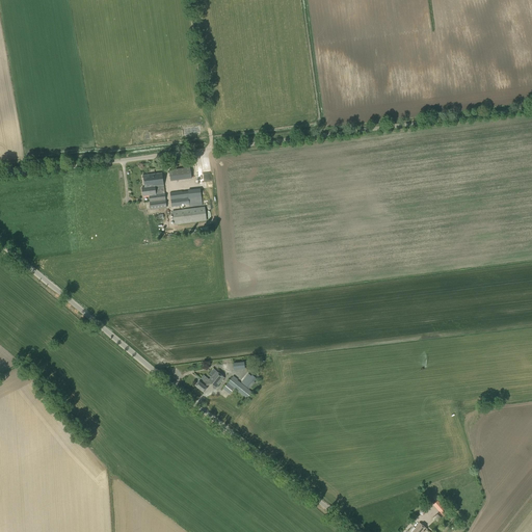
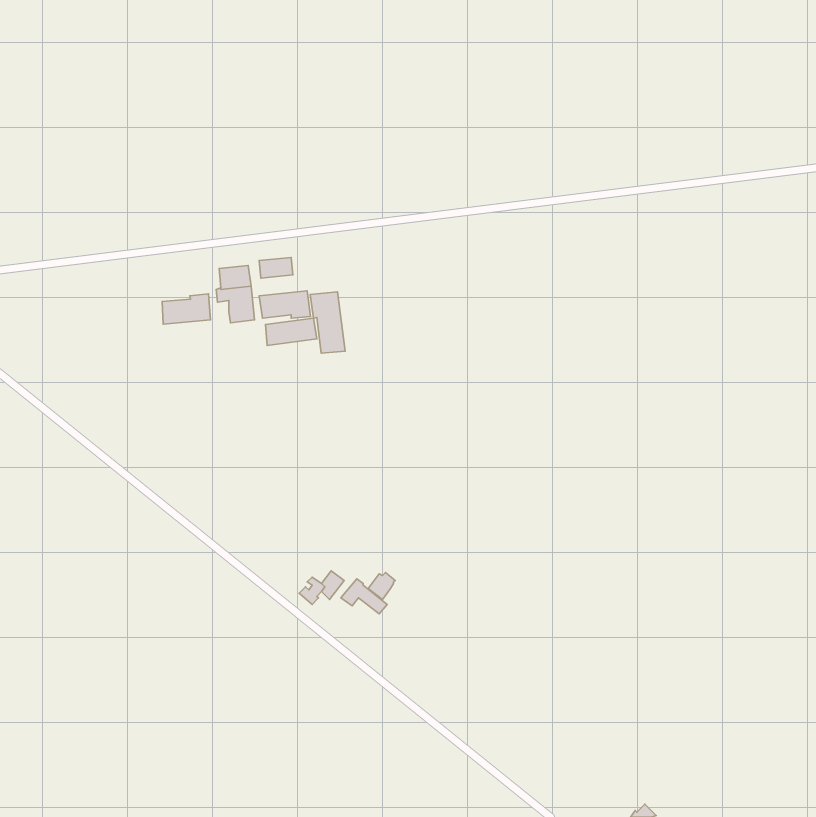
building: none -> [310,292,345,353]
building: none -> [162,294,210,324]

